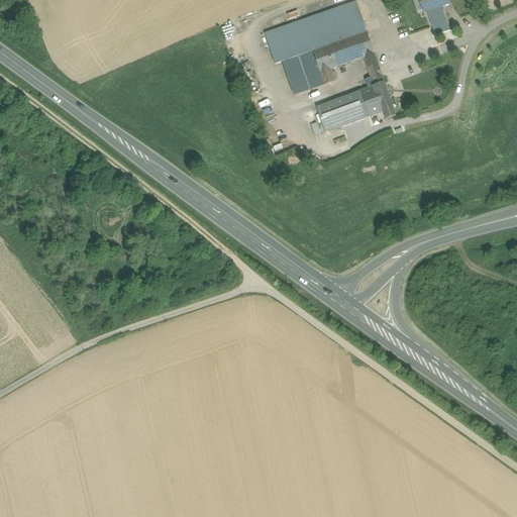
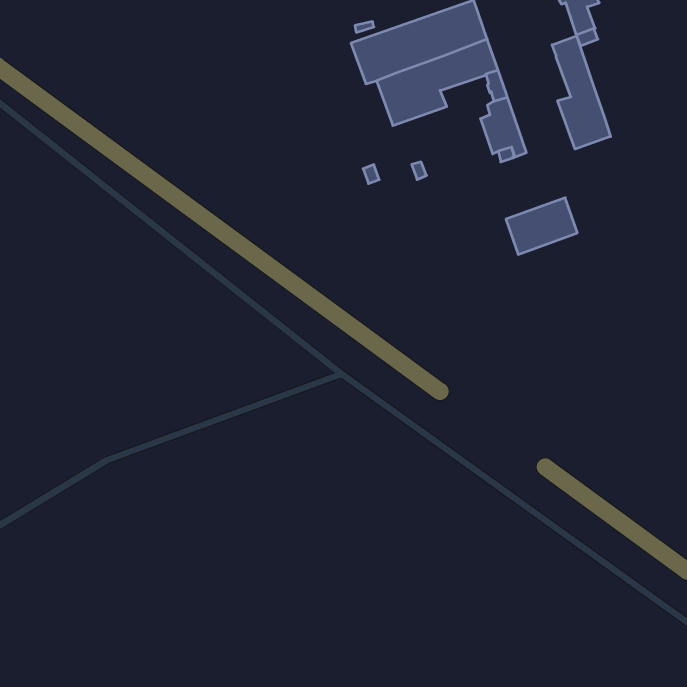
building: none -> [552,36,611,149]
building: [315,89,369,131] -> [506,198,577,254]

